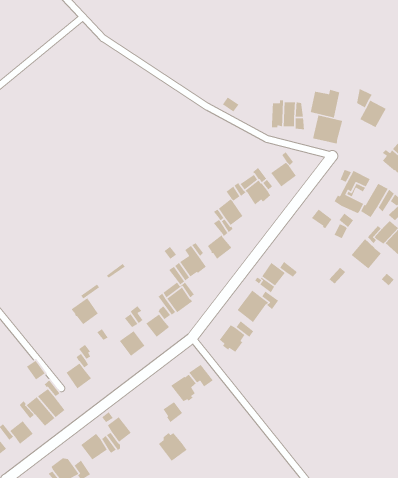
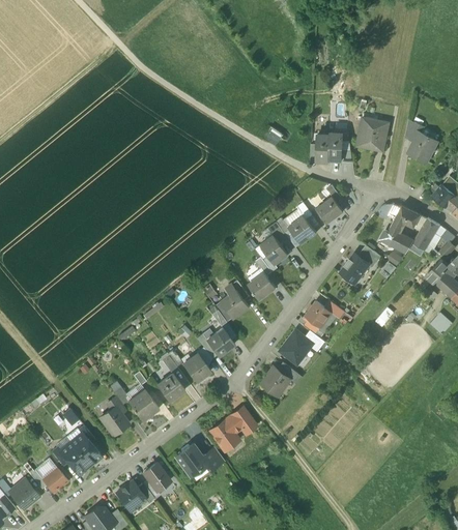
building: [312,115,343,145] -> none
building: none -> [340,254,370,284]
building: [351,238,383,270] -> none
building: [71,297,99,326] -> [128,390,159,420]
building: [158,432,187,462] -> [176,444,207,475]

